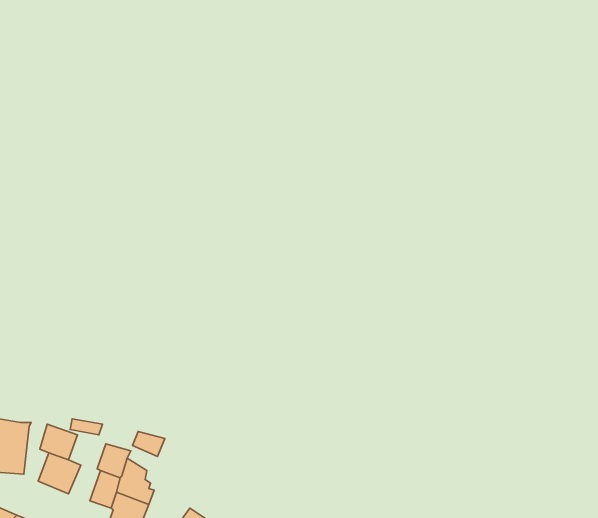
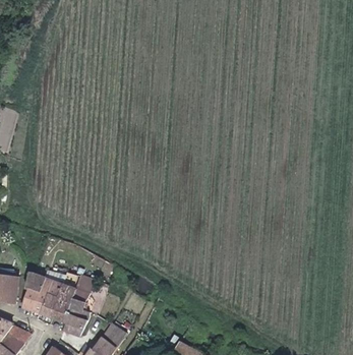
building: none -> [41,280,62,317]

